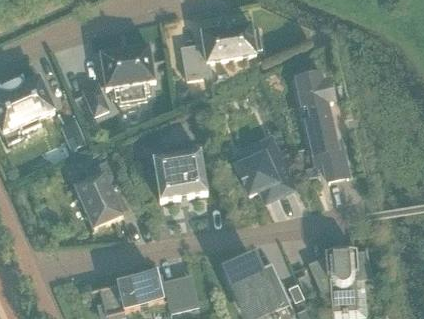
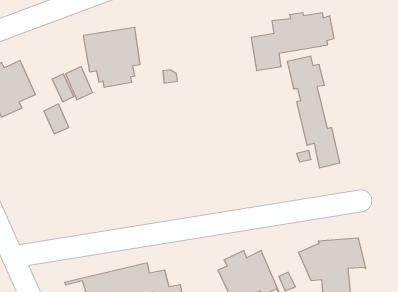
building: [181,22,261,78] -> [251,13,334,71]
building: [236,136,292,194] -> none
building: [152,150,206,200] -> none
building: [75,158,121,226] -> none

